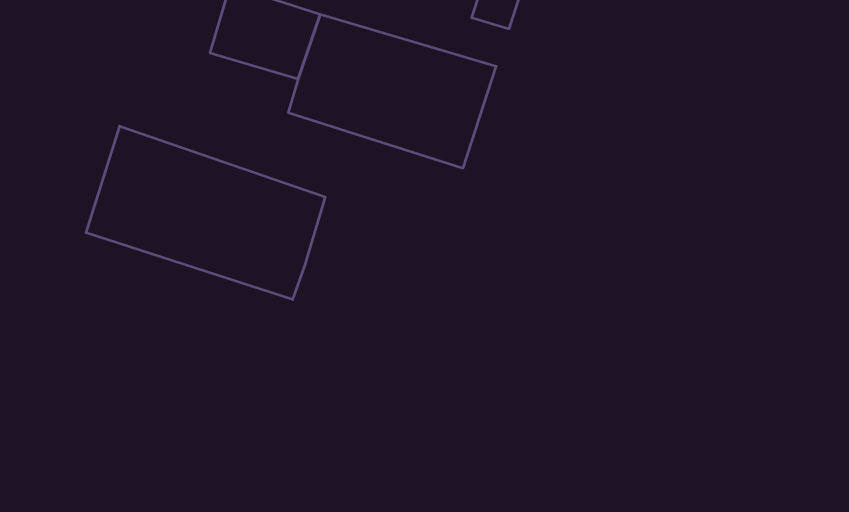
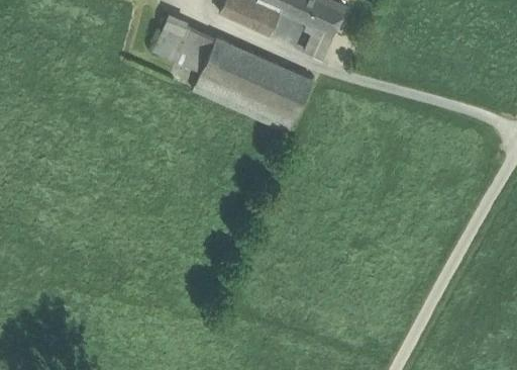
building: [86,126,325,300] -> none

